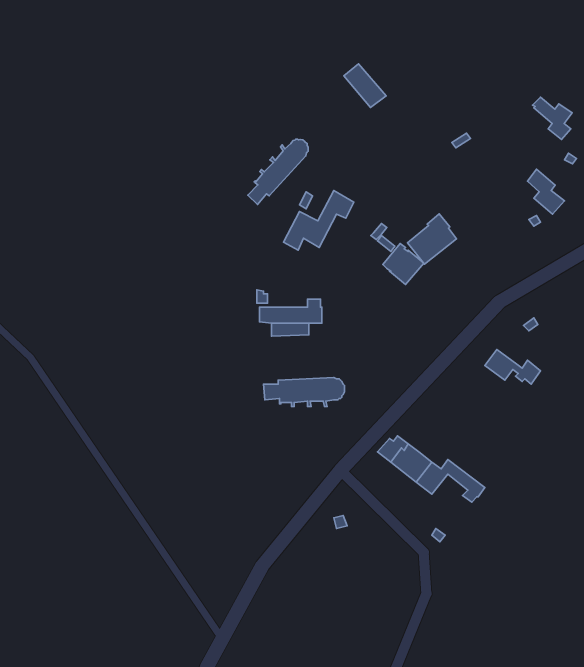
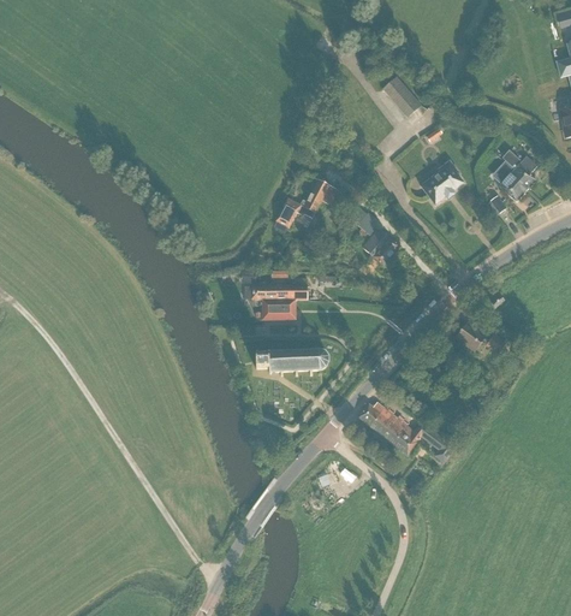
building: [344,64,386,108] -> [382,76,421,116]
building: [532,97,572,140] -> [501,149,537,188]
building: [248,139,308,205] -> none
building: [407,214,456,264] -> [420,159,464,205]

